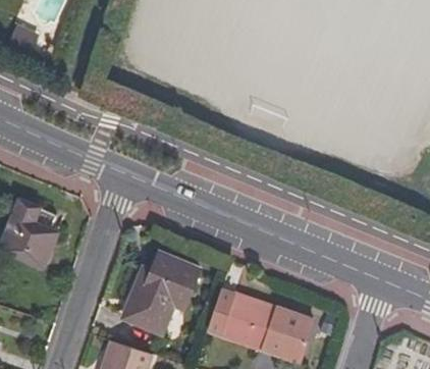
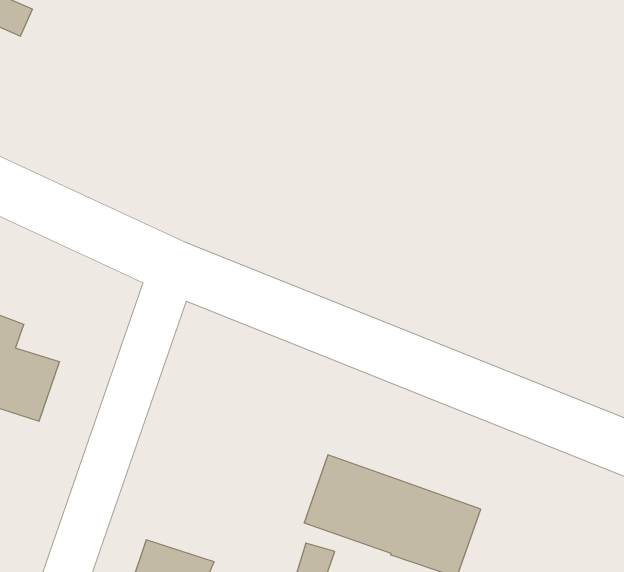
building: [125,252,201,332] -> none

